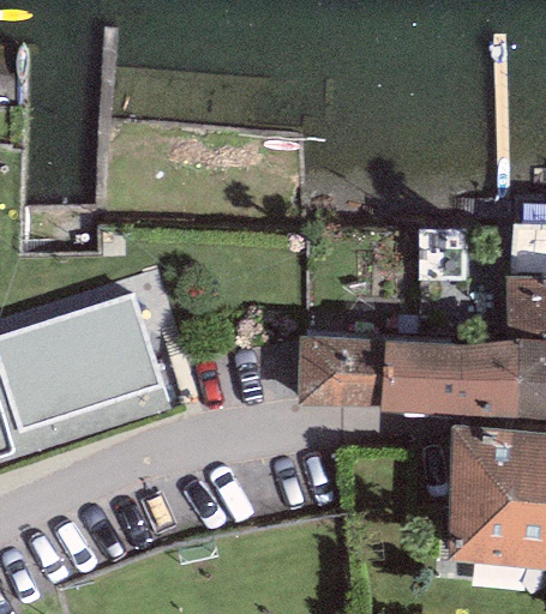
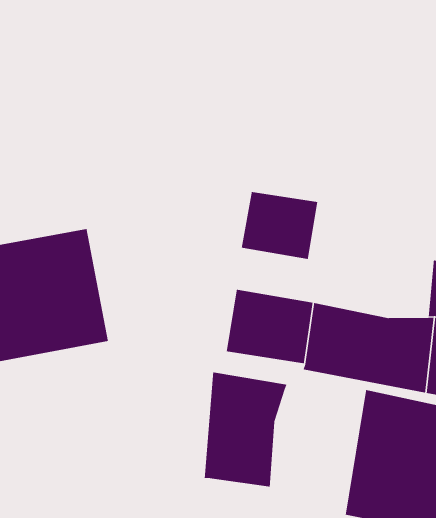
building: none -> [241,191,318,260]
building: none -> [204,371,288,487]

